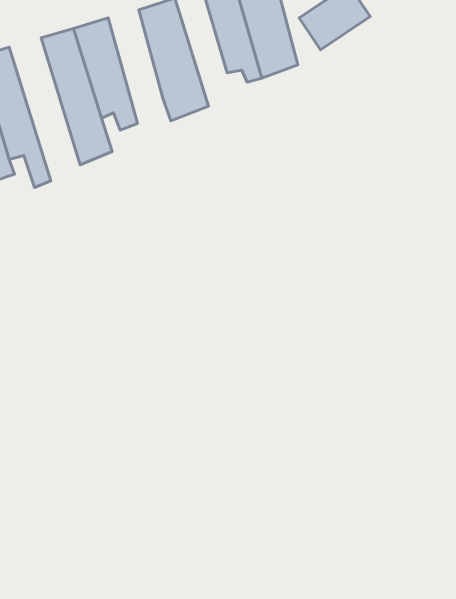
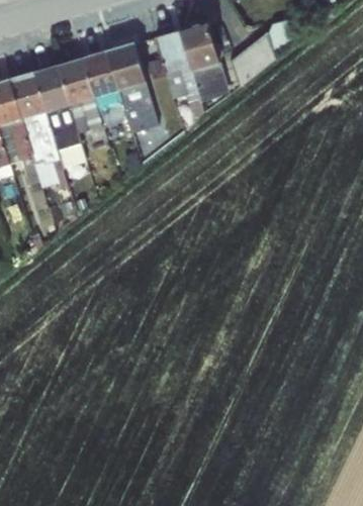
building: none -> [84,50,125,125]
building: none -> [9,72,68,189]

